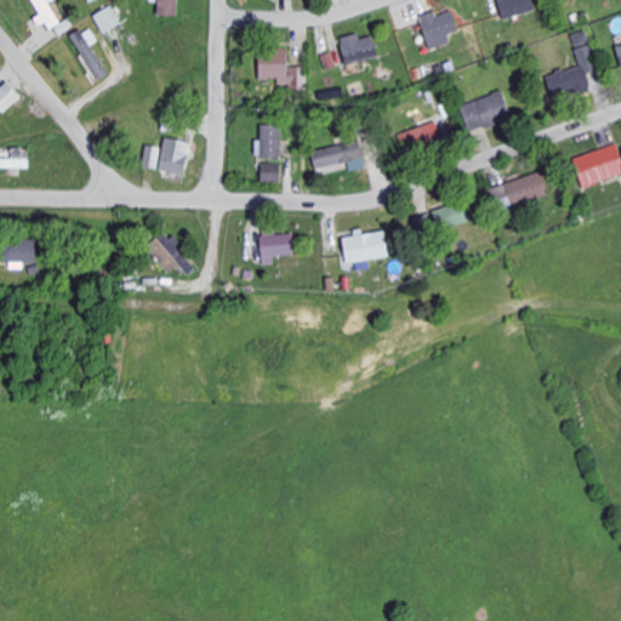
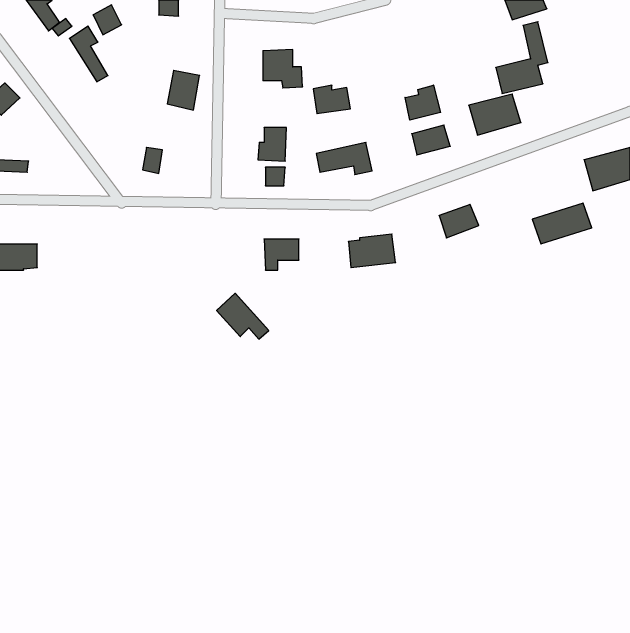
building: [417,11,456,49] -> none
building: [543,30,594,101] -> [496,22,548,94]
building: [338,34,375,62] -> [313,85,350,114]
building: none -> [405,85,441,120]
building: [156,137,188,176] -> [167,70,200,110]
building: [488,172,546,212] -> [532,203,592,244]
building: [144,230,195,275] -> [217,293,269,339]

